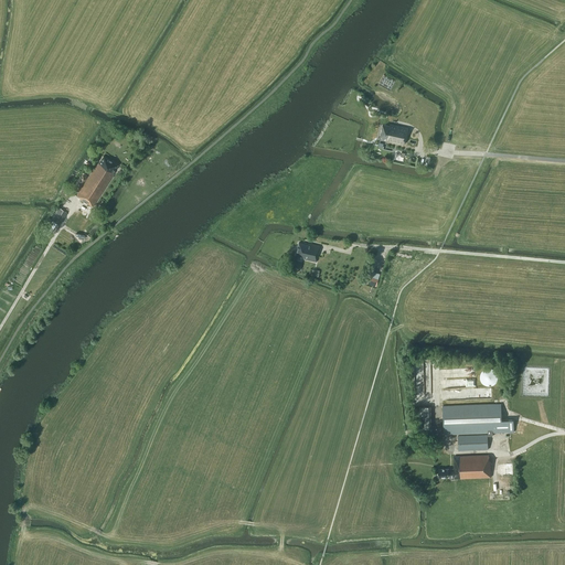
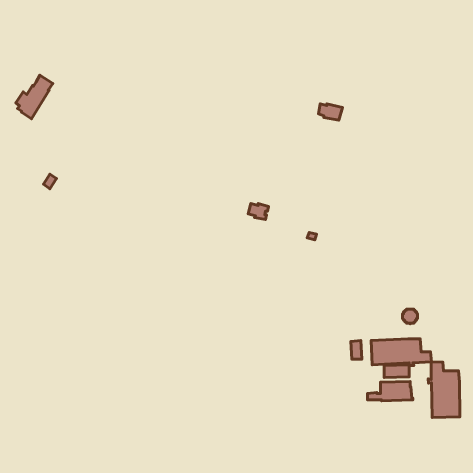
building: [74,156,118,207] -> [16,75,53,119]
building: none -> [428,362,460,418]

